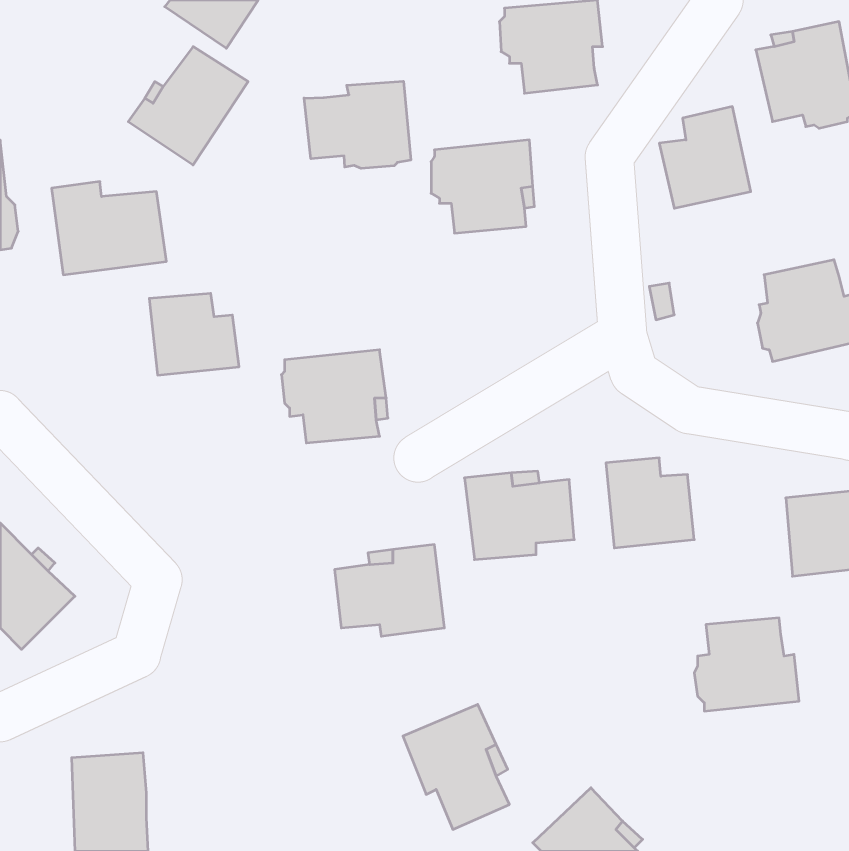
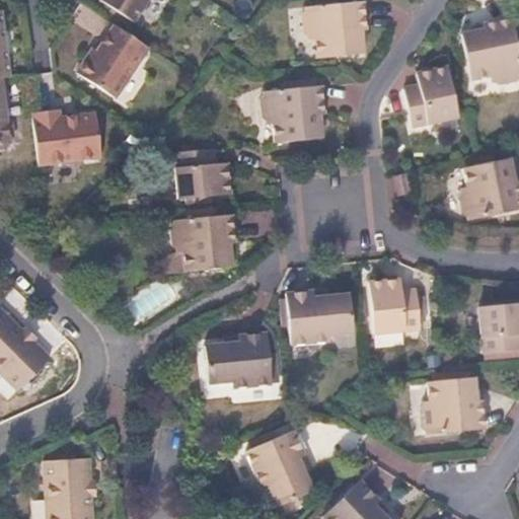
building: [304,81,411,168] -> none
building: [149,293,239,375] -> [176,150,231,200]

